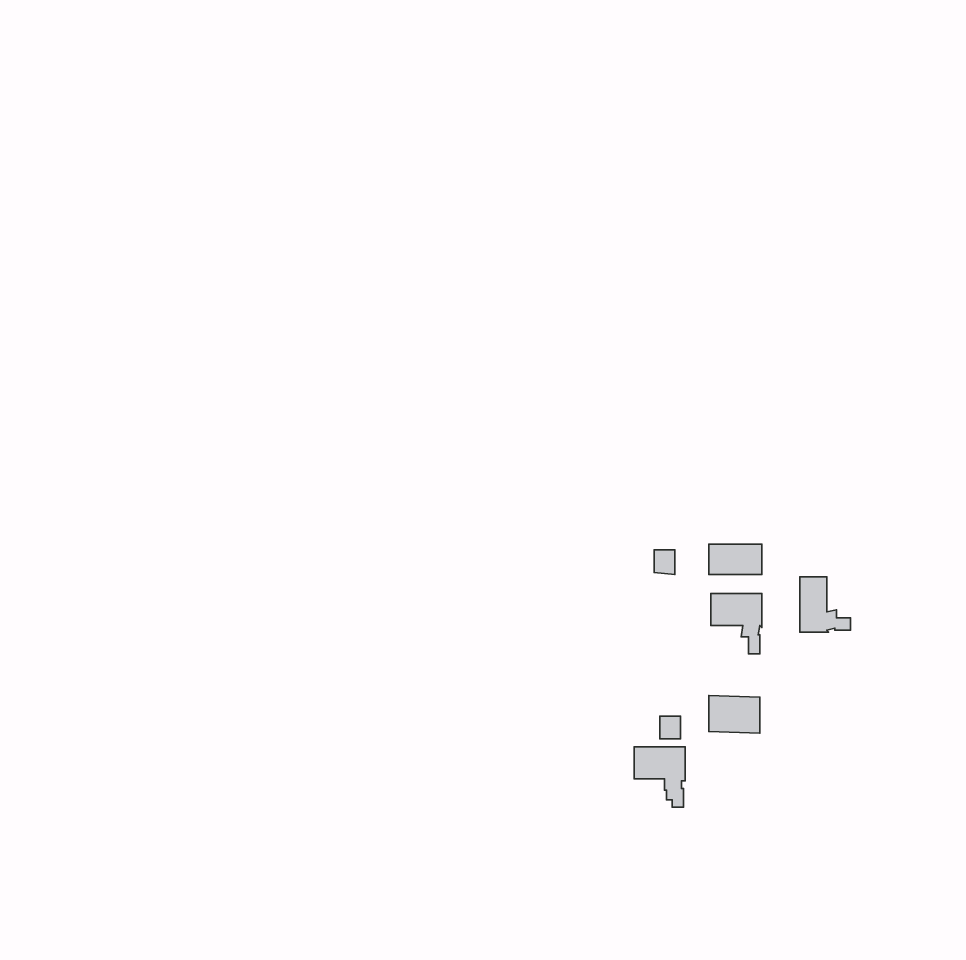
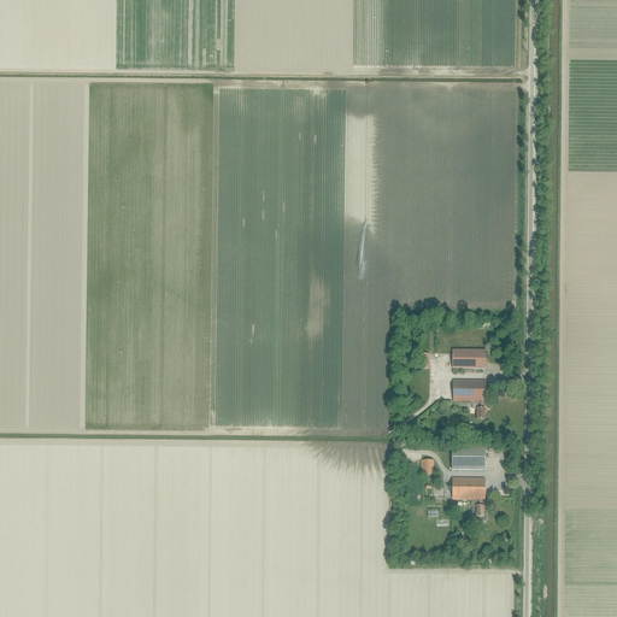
building: [800,577,851,632] -> none
building: [634,747,685,807] -> [452,476,484,515]

